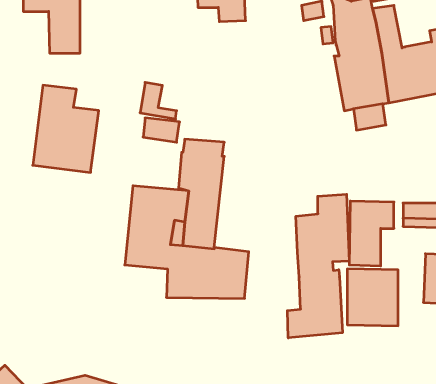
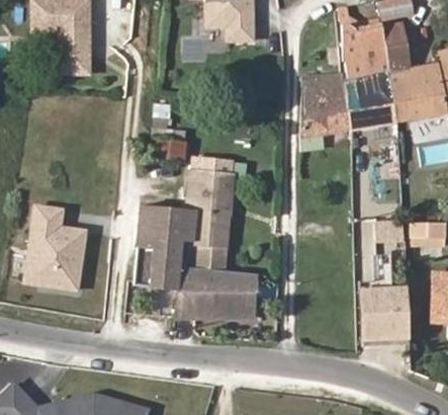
building: none -> [301,75,353,151]
building: [33,85,99,172] -> [22,204,88,292]
building: [287,194,349,338] -> none

